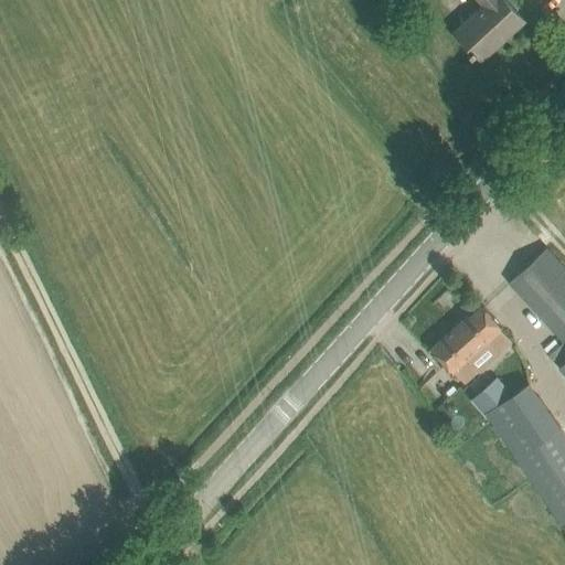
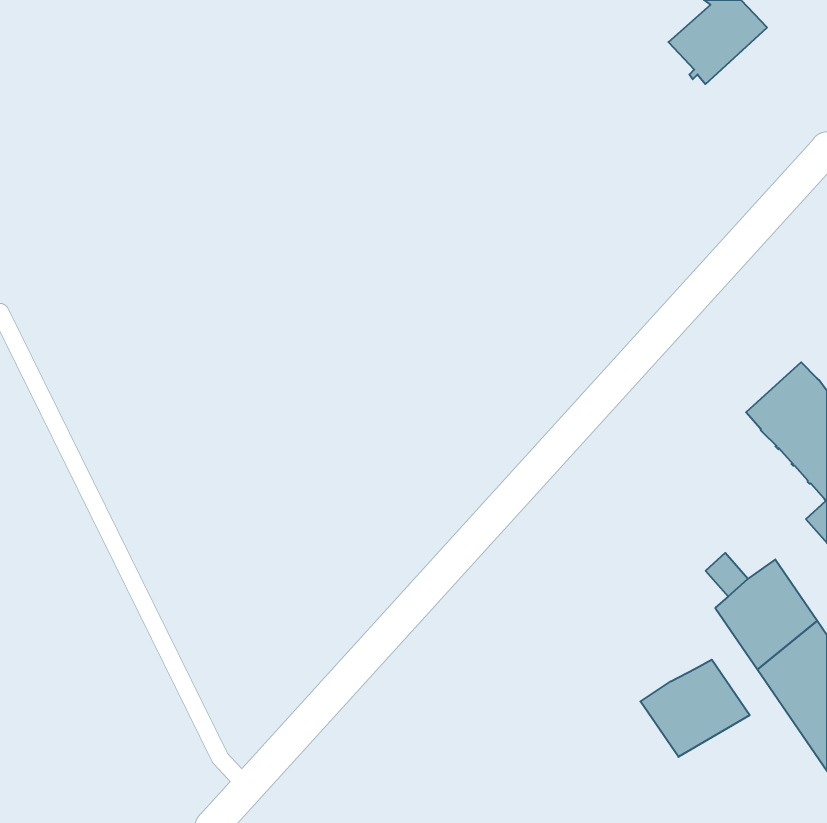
building: [431,307,511,384] -> none
building: none -> [640,660,750,757]

